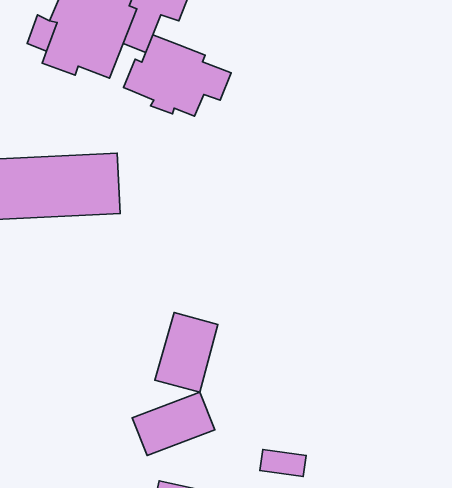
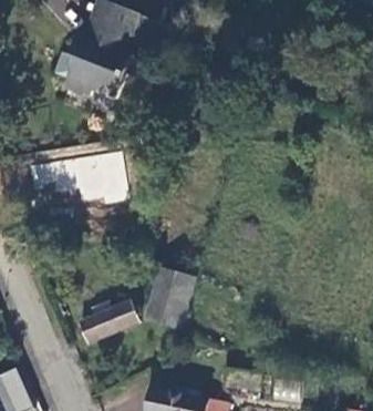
building: [124,35,231,116] -> none
building: [132,392,215,455] -> [74,304,135,350]

